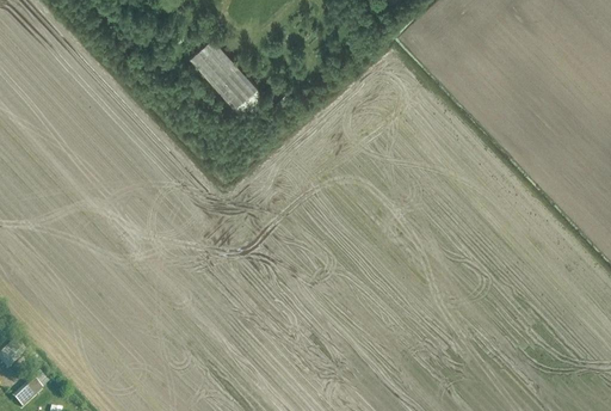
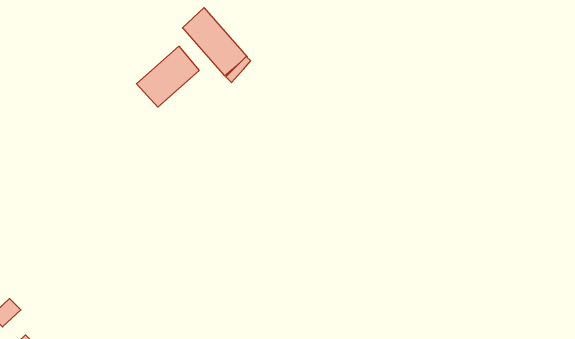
building: none -> [136,46,199,107]

